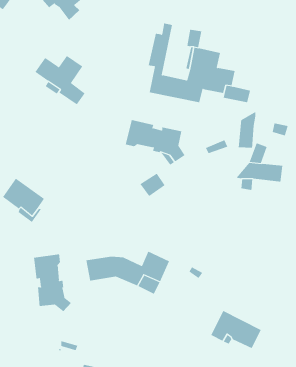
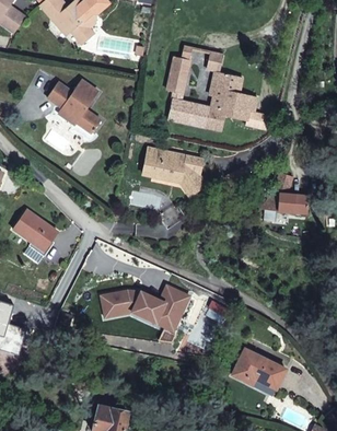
building: [238,111,256,149] -> none
building: [33,253,72,312] -> none

